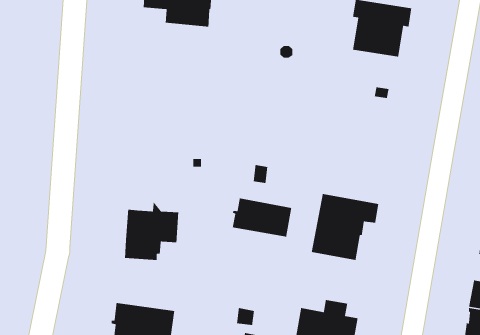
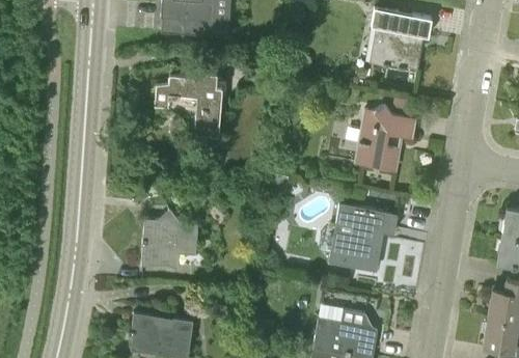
building: none -> [155,73,227,136]
building: none -> [354,103,414,170]
building: [232,198,292,237] -> none

